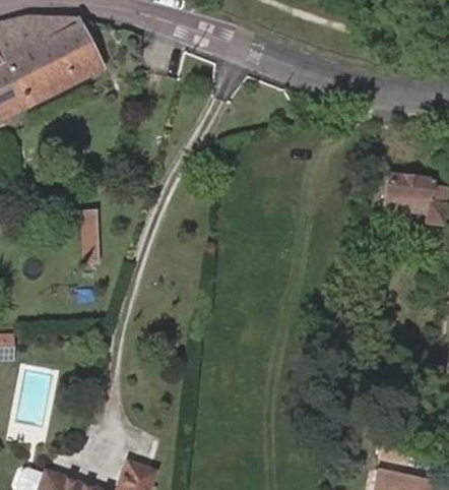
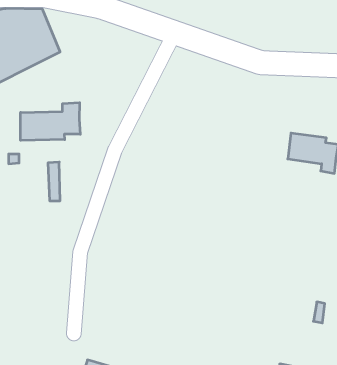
building: none -> [21,103,80,140]

